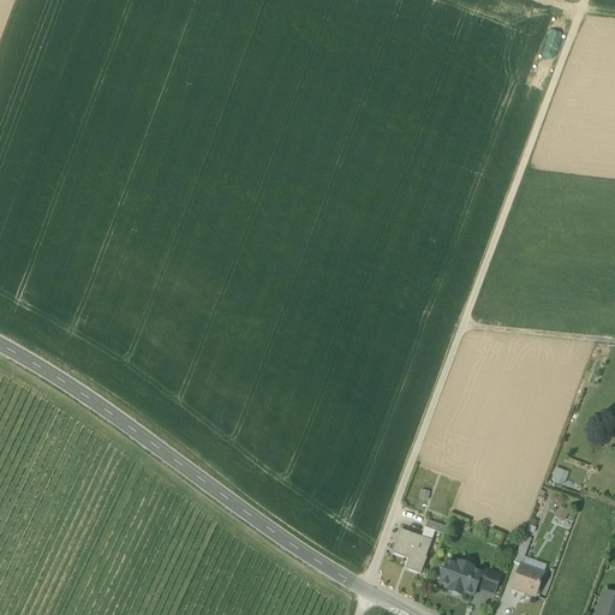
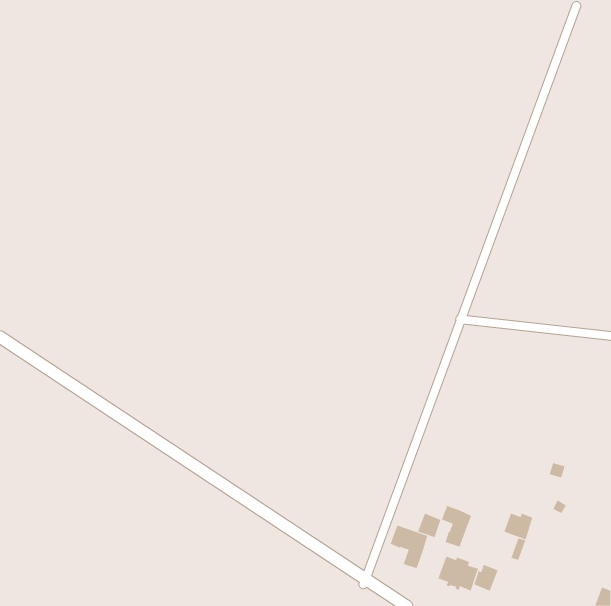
building: none -> [441,505,472,548]
building: [513,567,543,595] -> [503,513,533,540]

